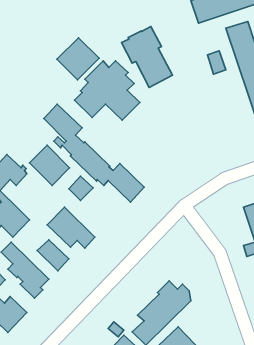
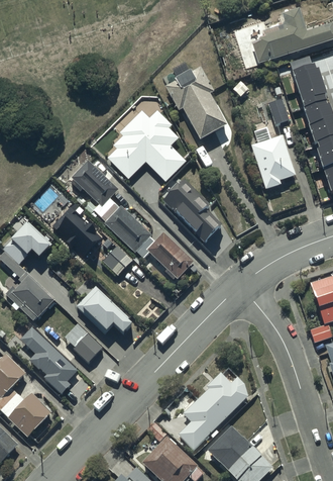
building: [57,38,99,80] -> none
building: none -> [250,127,295,188]
building: none -> [161,179,220,242]

